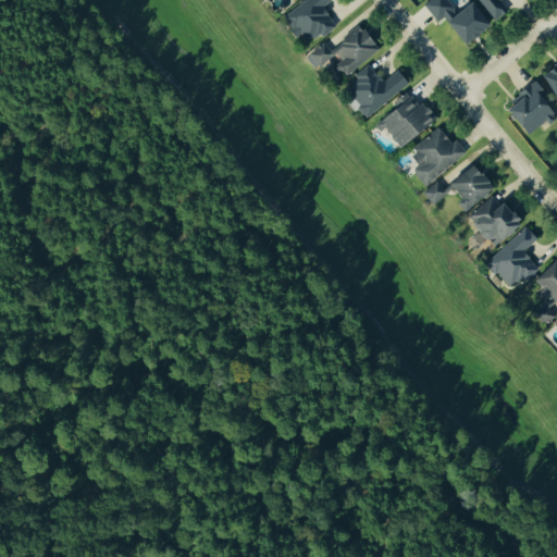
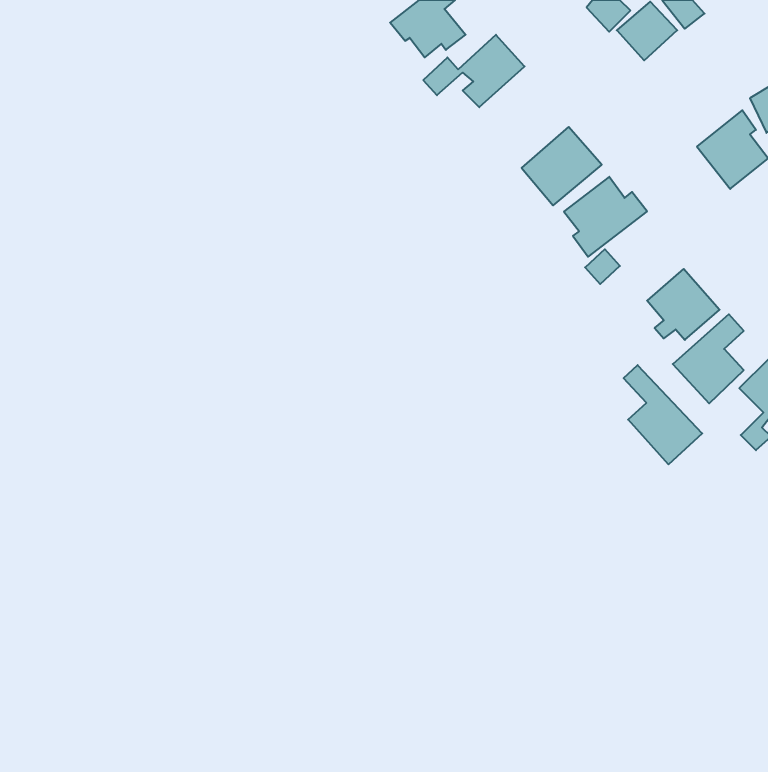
building: [346,66,410,116] -> none
building: [449,164,493,210] -> none
building: none -> [624,365,702,464]

